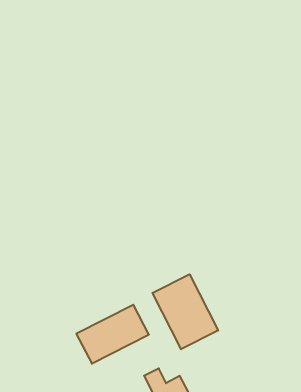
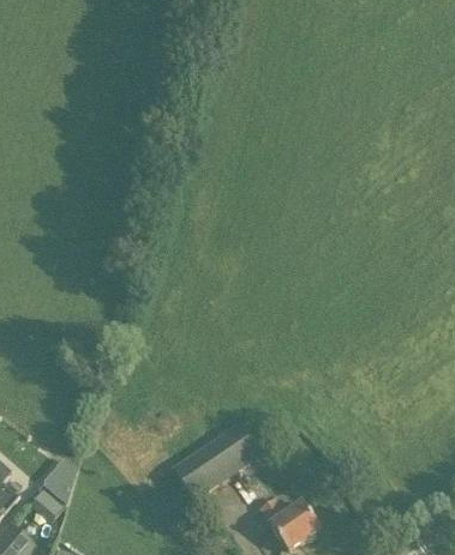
building: [152,274,218,349] -> none

